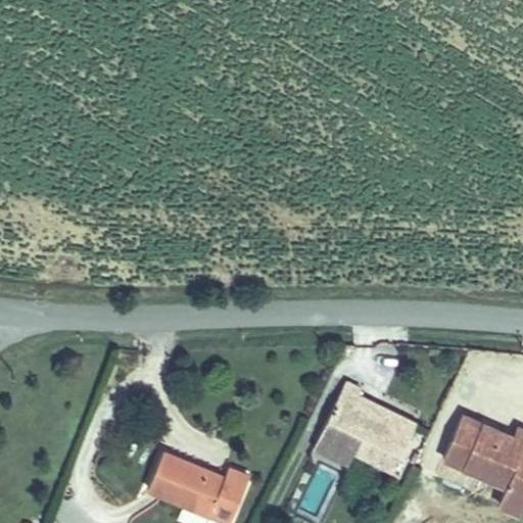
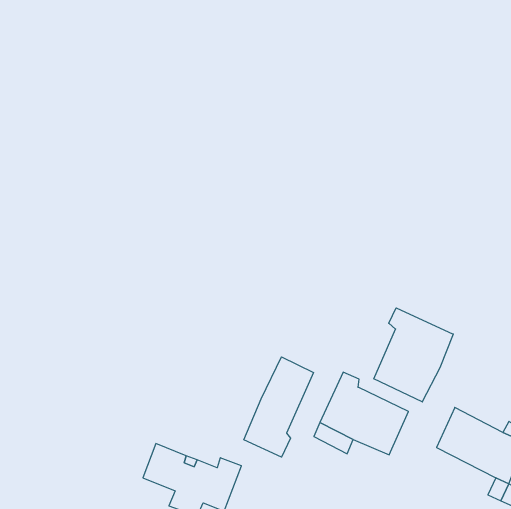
building: none -> [374,308,453,402]
building: none -> [244,357,314,457]

